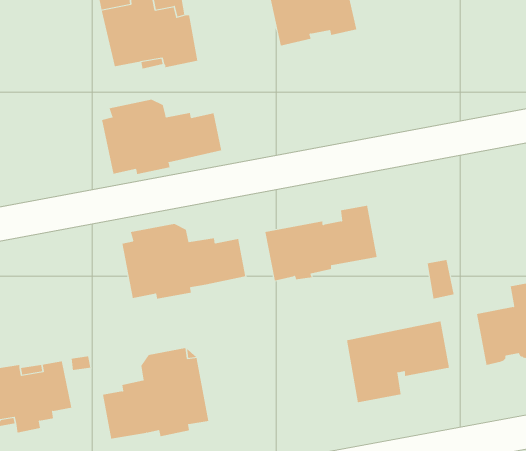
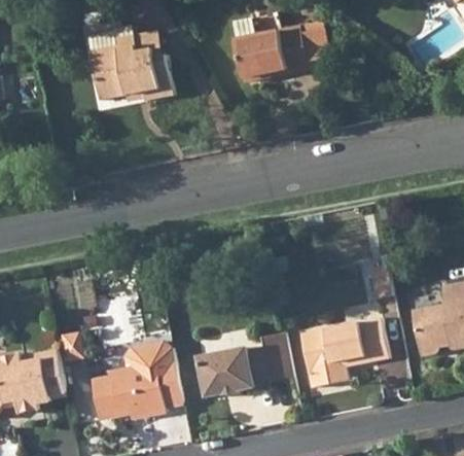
building: [101,99,222,175] -> none
building: [264,205,377,281] -> [197,332,293,397]
building: [122,223,246,299] -> none

